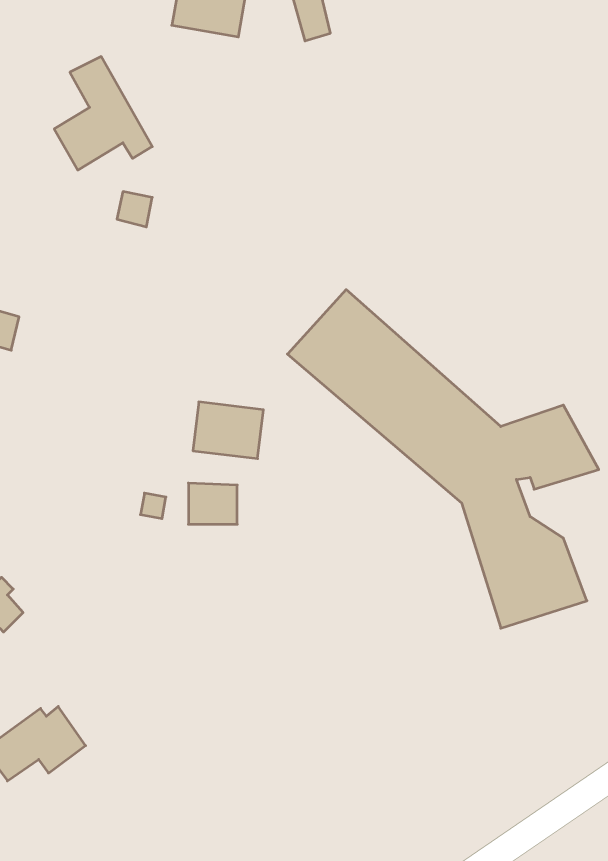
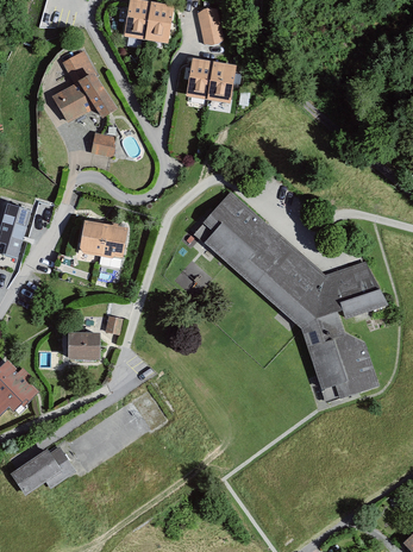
building: none -> [187,58,233,100]
building: [193,402,263,459] -> [81,221,124,256]
building: [188,483,237,524] -> [68,332,98,357]

